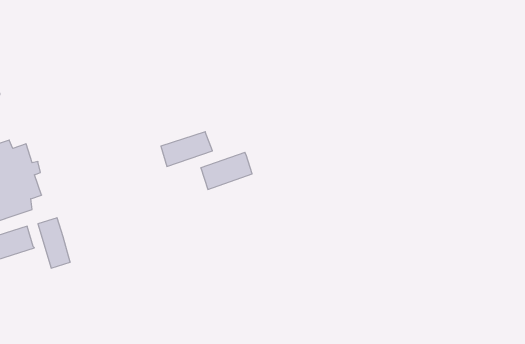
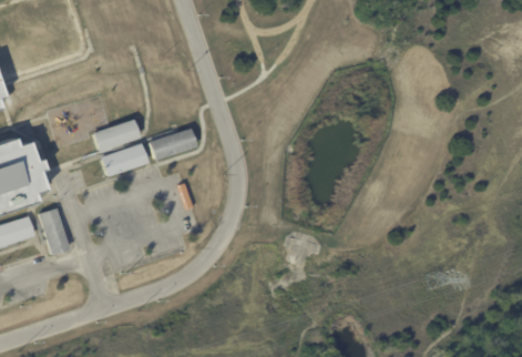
building: none -> [94,119,141,151]
building: [201,152,252,189] -> [102,143,150,177]

